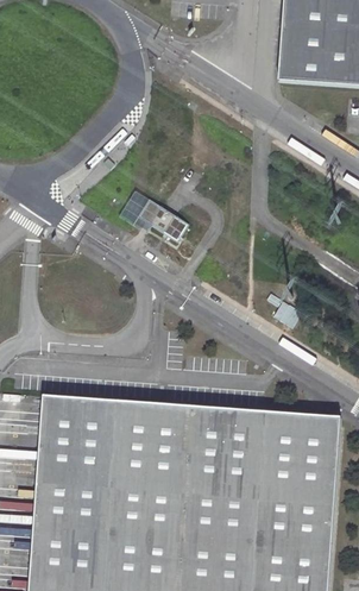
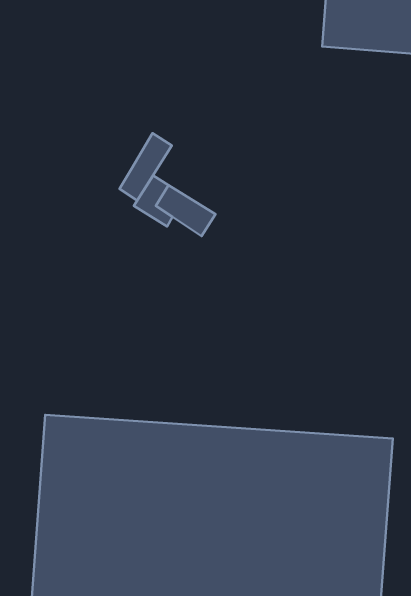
building: none -> [119,133,172,201]

